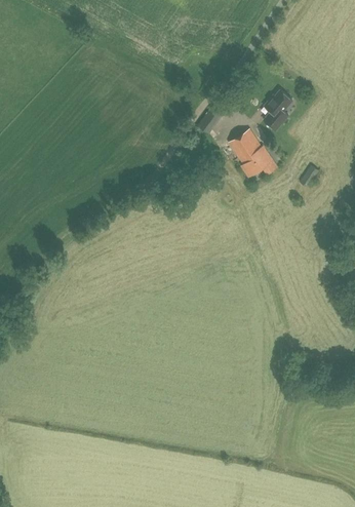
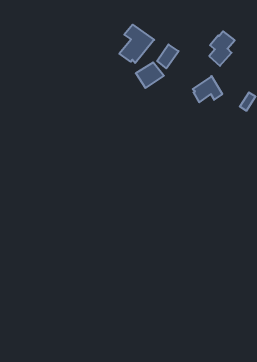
building: none -> [119,25,154,63]
building: [229,129,264,161] -> [136,62,164,88]

